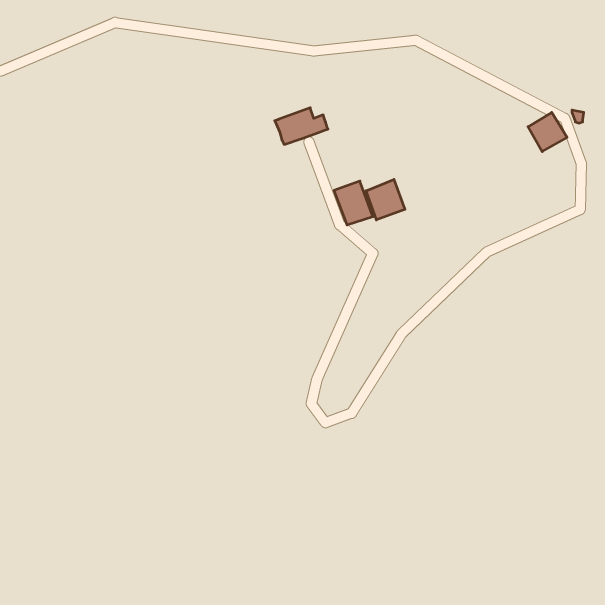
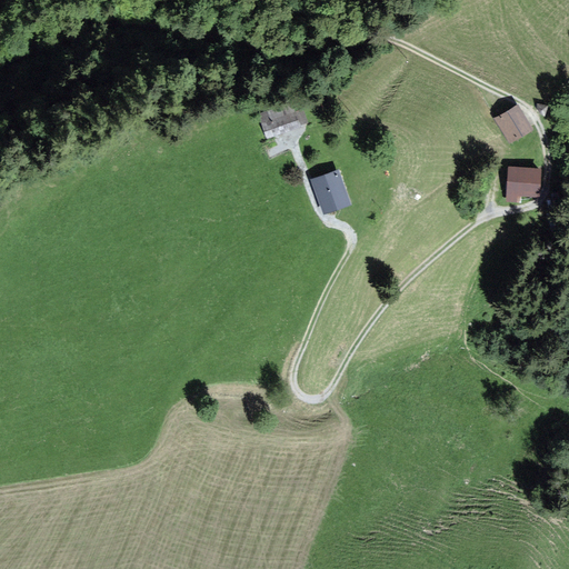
building: none -> [507,167,540,201]
building: [366,179,405,220] -> none

